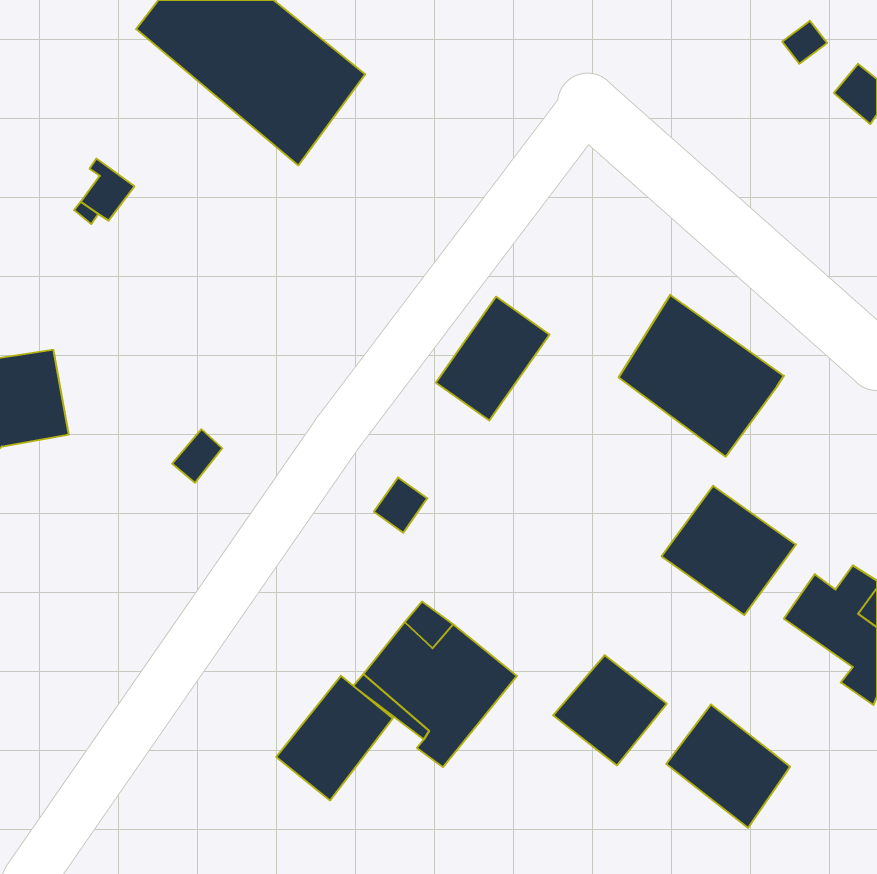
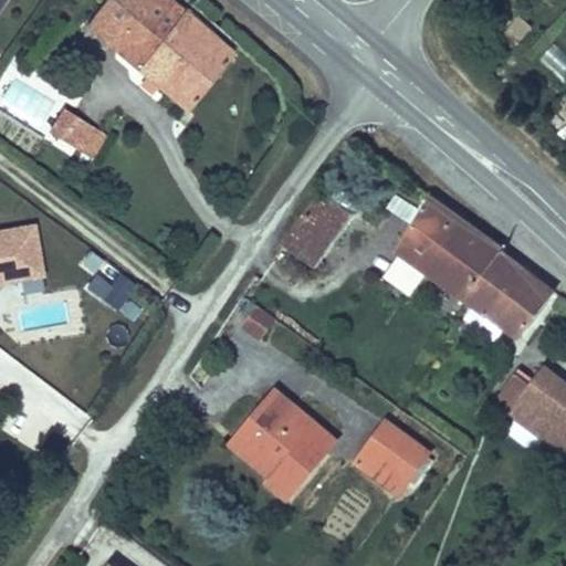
building: [662,486,796,615] -> [465,252,552,335]
building: [276,676,393,800] -> none
building: [666,704,790,828] -> none

